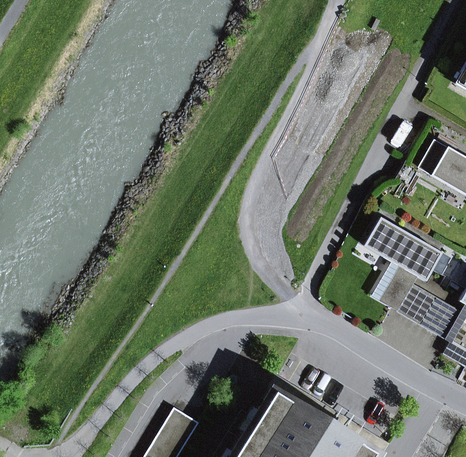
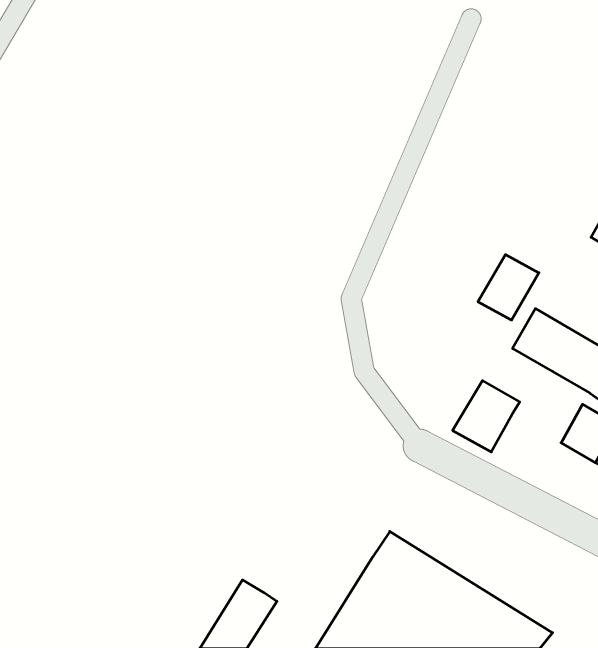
building: none -> [478,255,539,320]
building: [372,262,419,312] -> [453,381,520,452]

